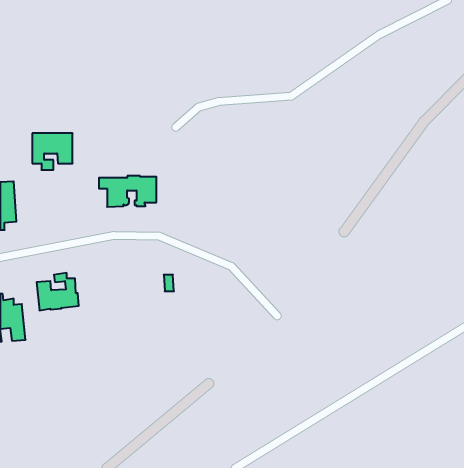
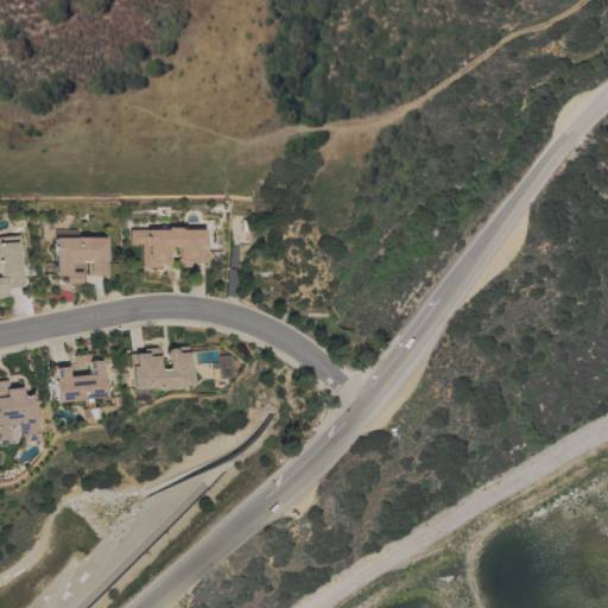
building: [32,133,73,170] -> [57,238,109,285]
building: none -> [129,347,192,391]

